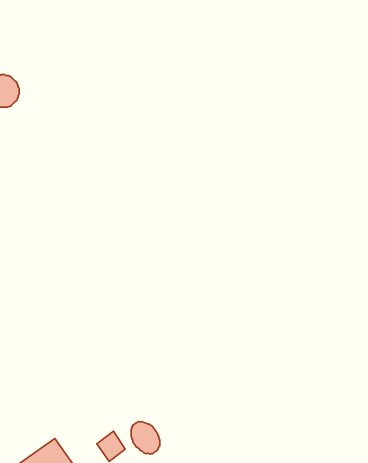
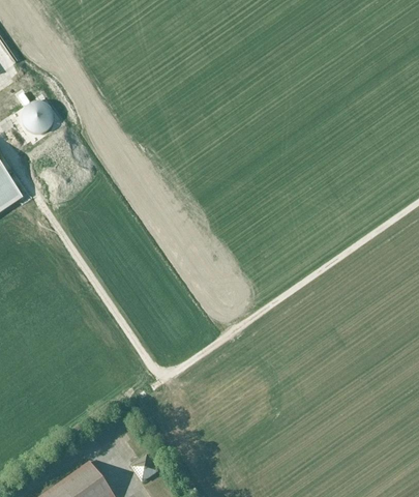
building: [131,421,160,454] -> none

